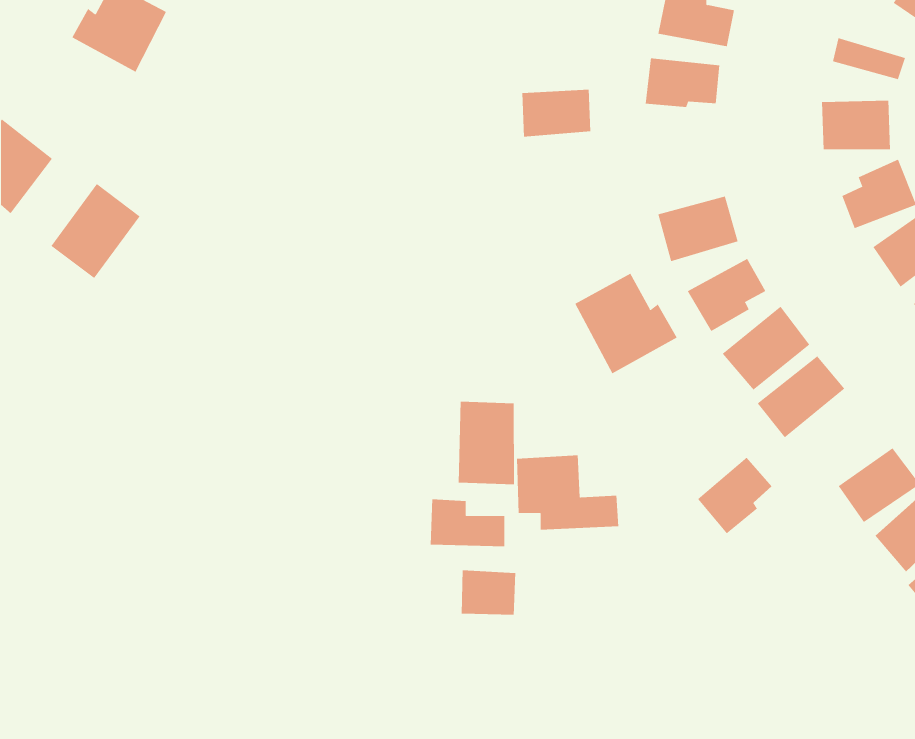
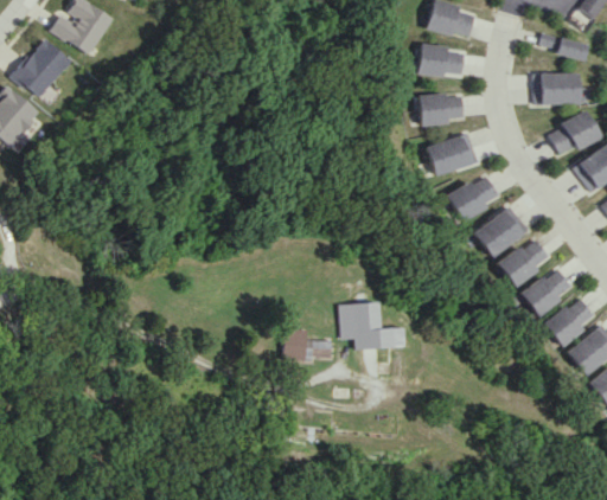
building: [521,89,591,137] -> [422,94,467,124]
building: [50,183,141,279] -> [13,38,71,100]
building: [574,273,678,374] -> none
building: [458,401,514,485] -> none
building: [697,457,773,534] -> [522,267,570,316]
building: [461,569,516,615] -> none

